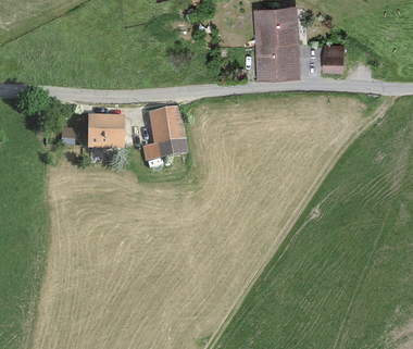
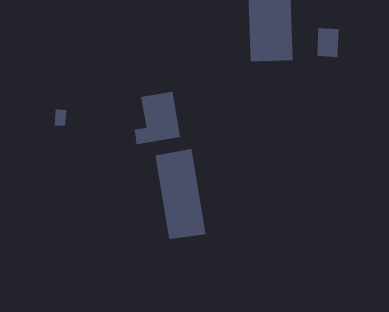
building: [88,117,125,152] -> none
building: none -> [155,148,206,240]

